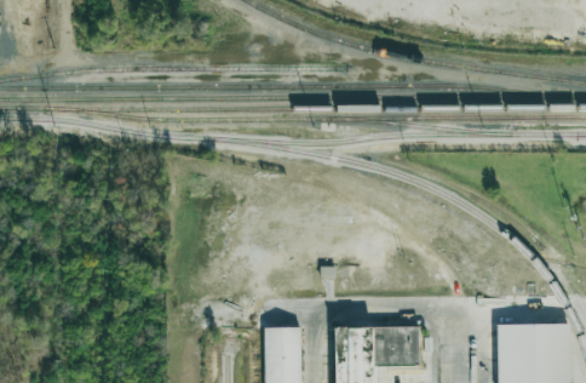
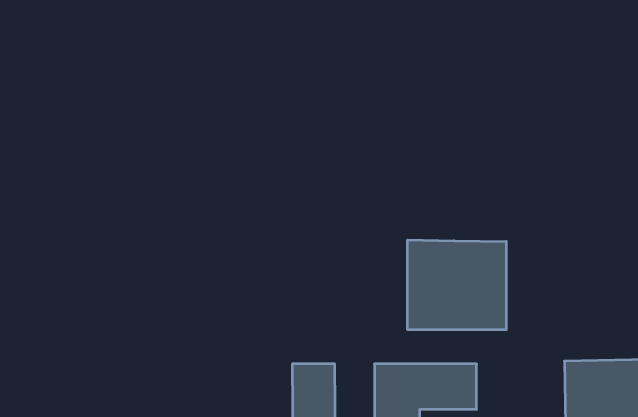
building: none -> [408,240,506,330]

